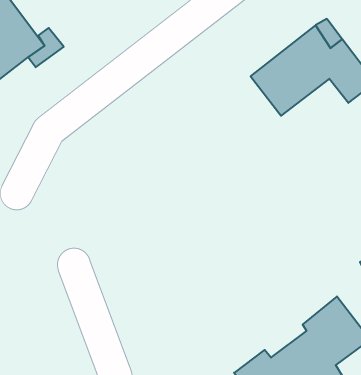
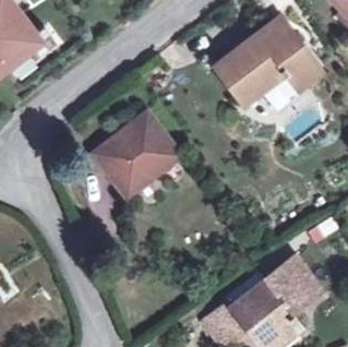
building: none -> [93,113,179,199]

